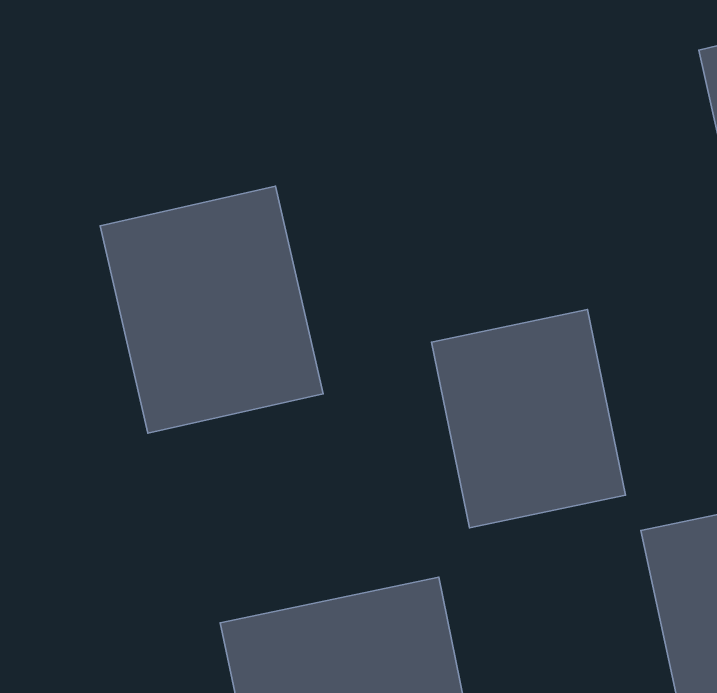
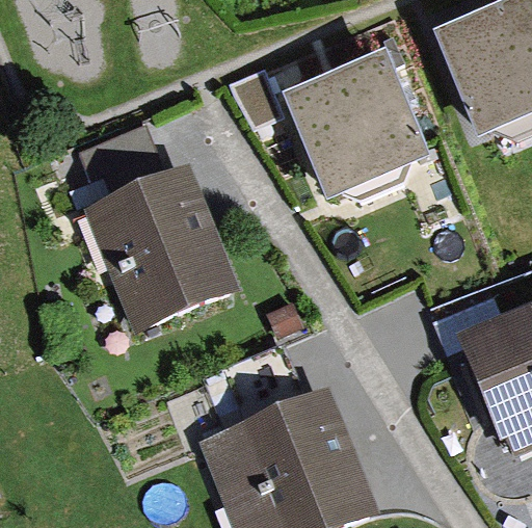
building: none -> [283,53,422,192]
building: [432,310,625,528] -> none

